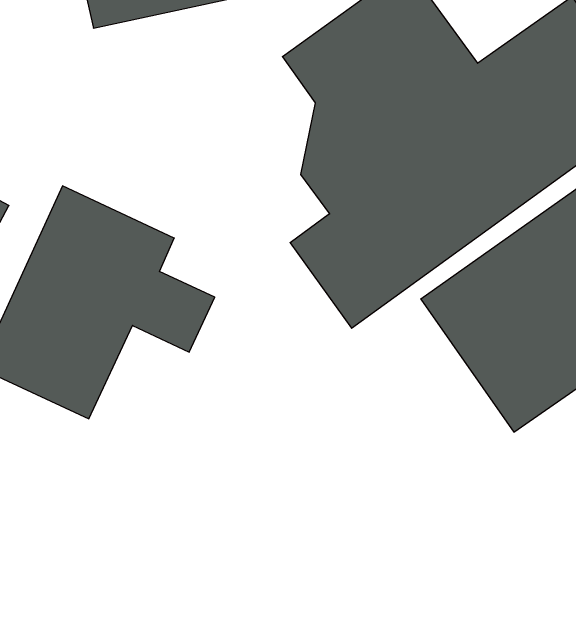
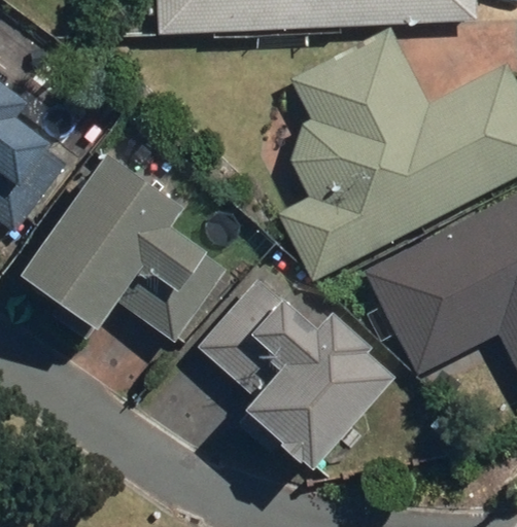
building: none -> [201,275,402,457]

